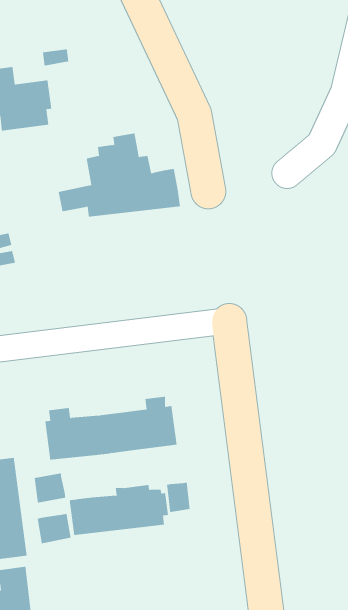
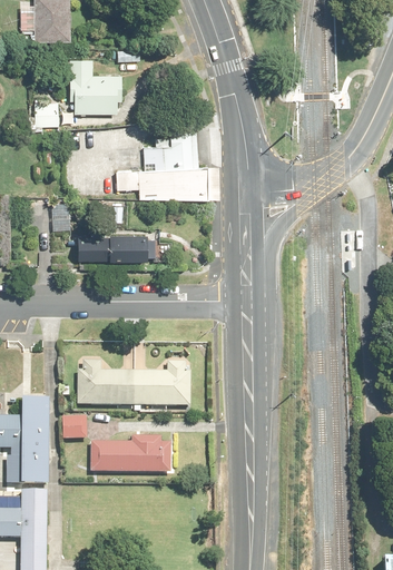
building: none -> [77,235,159,262]
building: [166,482,190,513] -> none
building: [37,513,71,544] -> none

